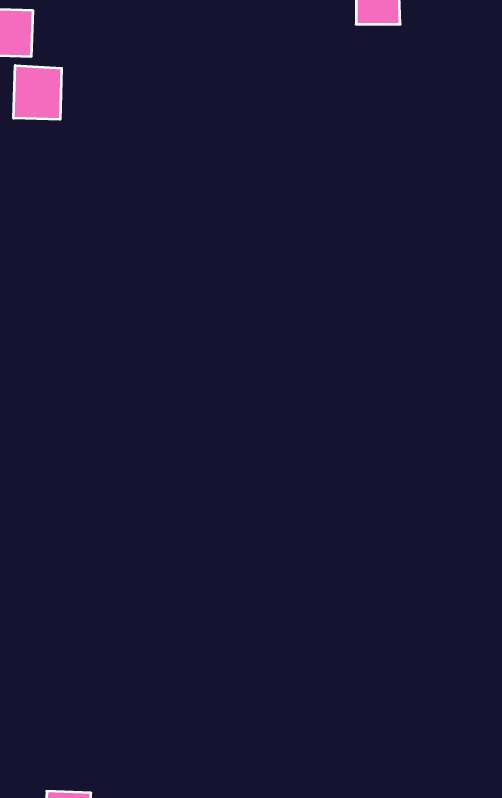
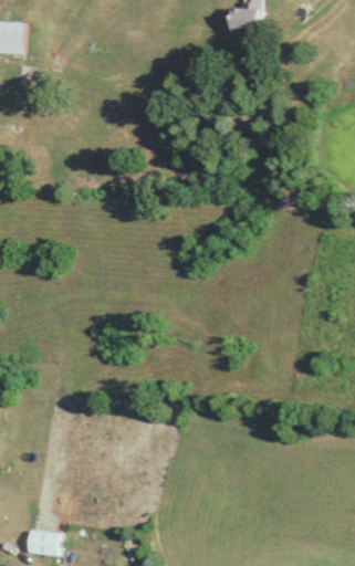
building: [14,65,62,119] -> none

